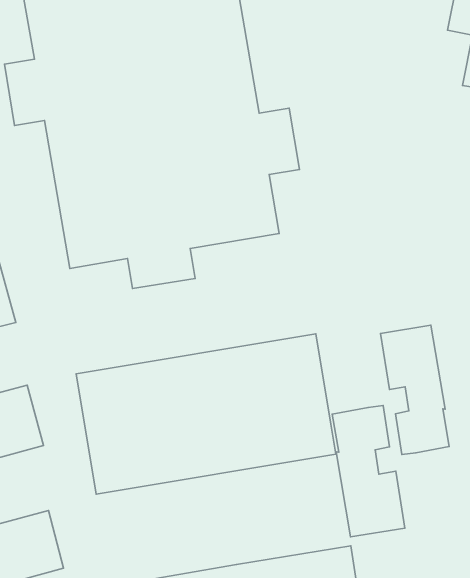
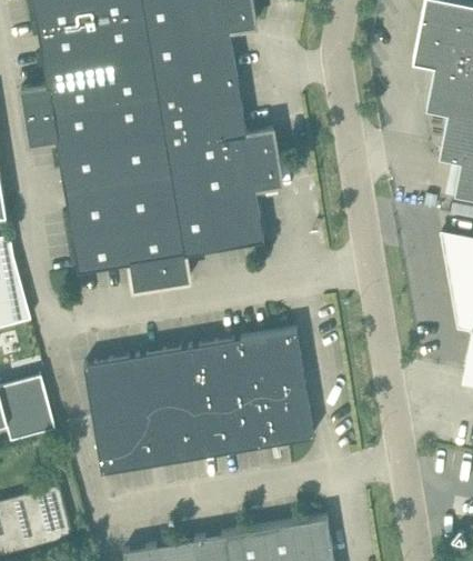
building: [380,325,449,454] -> none
building: [332,406,405,537] -> none

